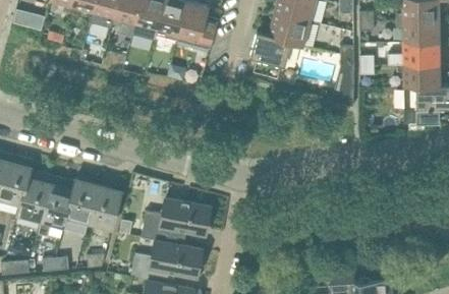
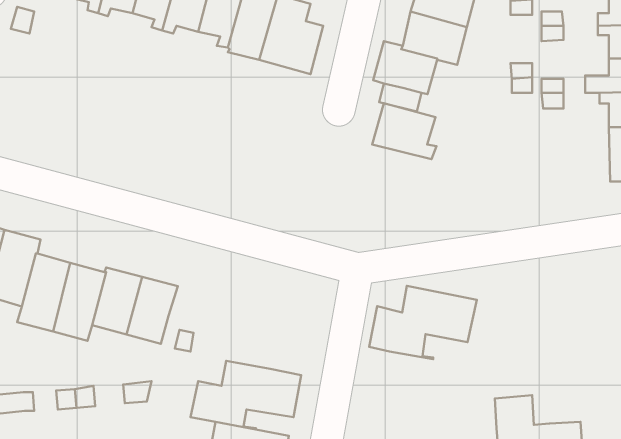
building: none -> [372,103,436,159]
building: [141,197,211,245] -> [369,286,477,359]

